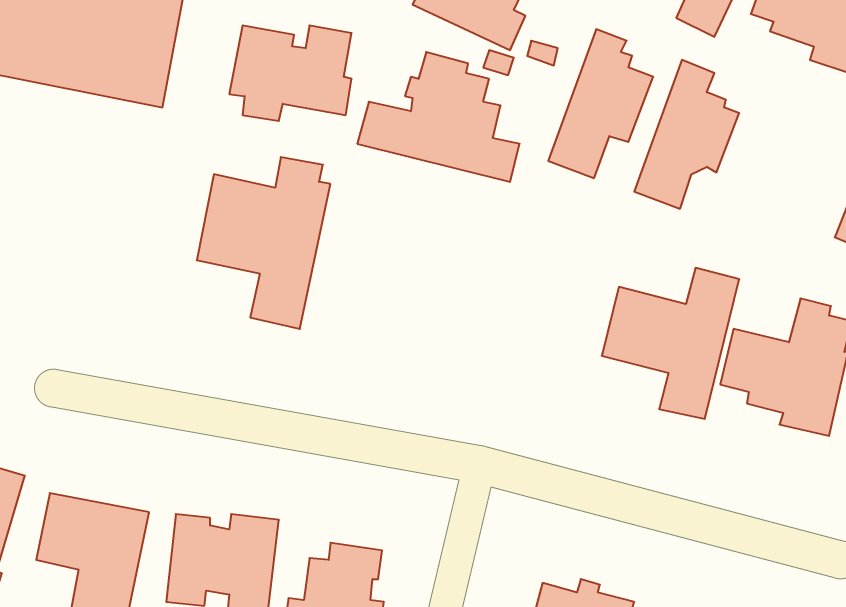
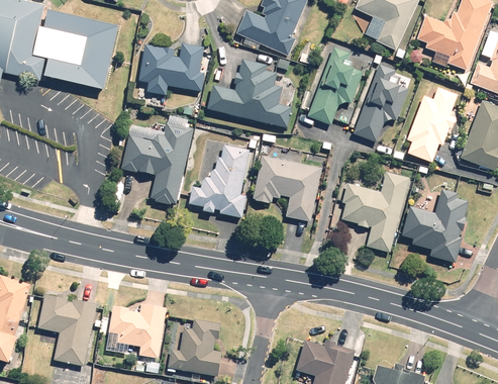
building: none -> [407,89,458,163]
building: none -> [189,147,248,218]
building: none -> [252,157,322,222]

